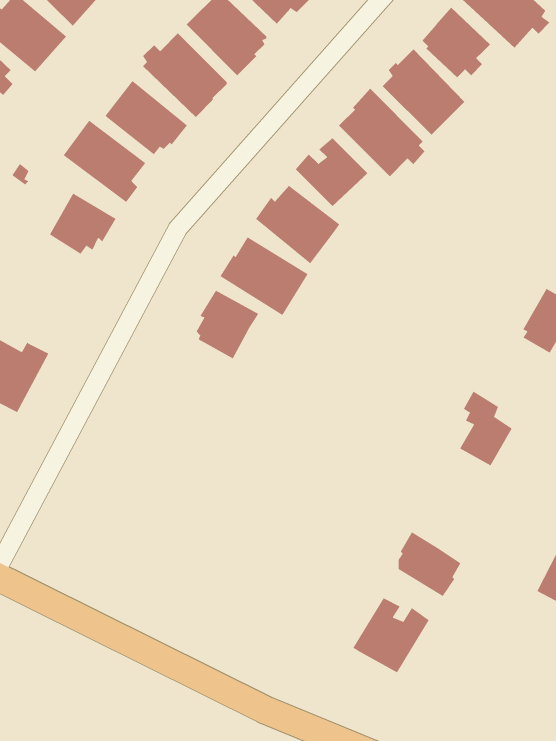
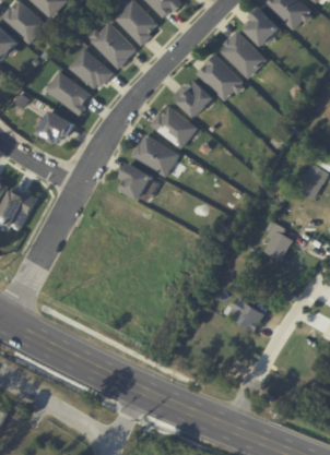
building: [353,598,430,673] -> none

